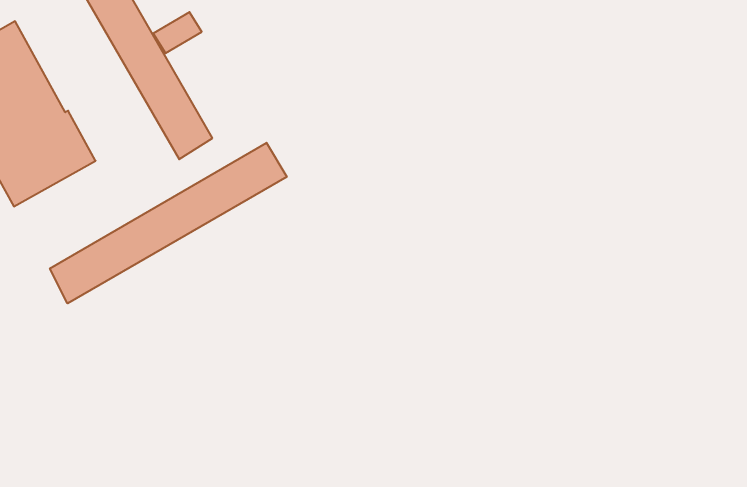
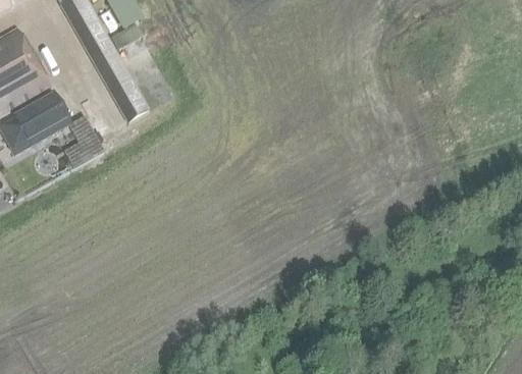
building: [50,143,287,303] -> none

